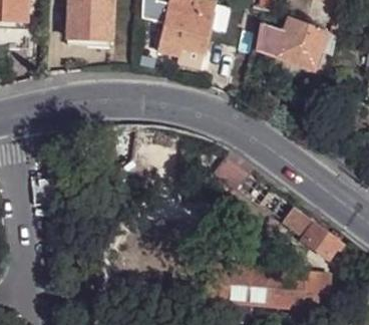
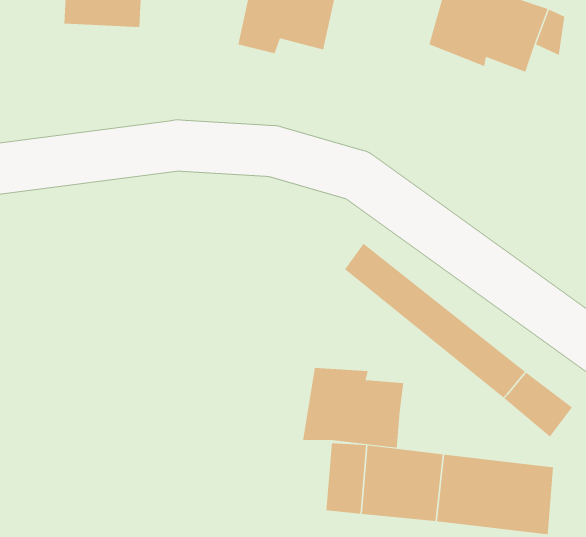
building: none -> [303,367,404,448]

